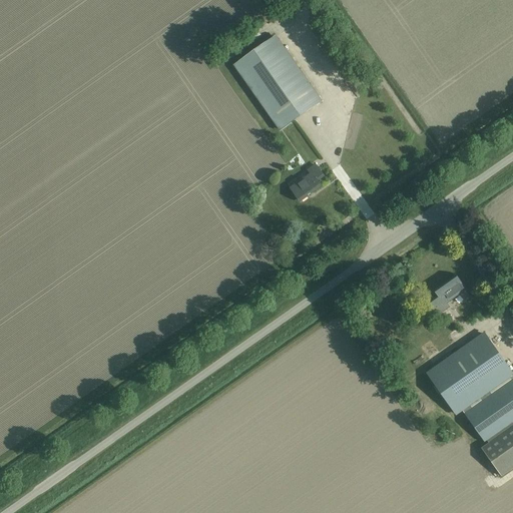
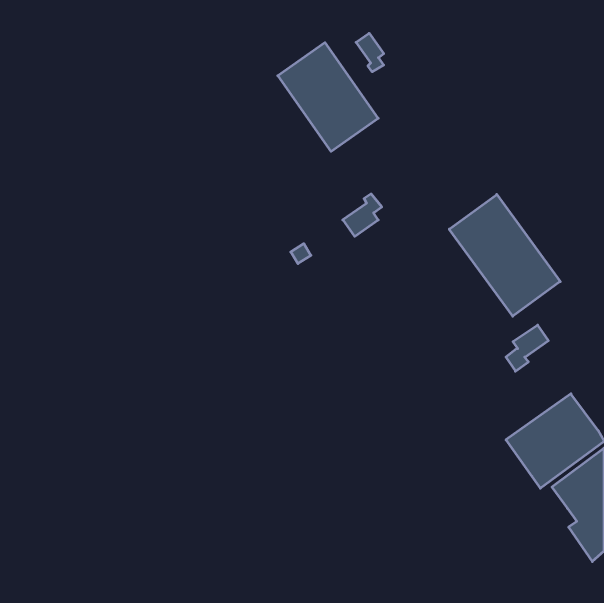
building: none -> [356,33,384,72]
building: none -> [449,194,560,316]

